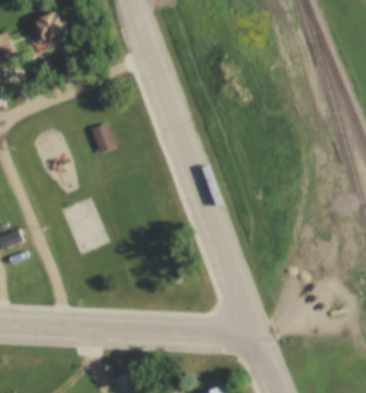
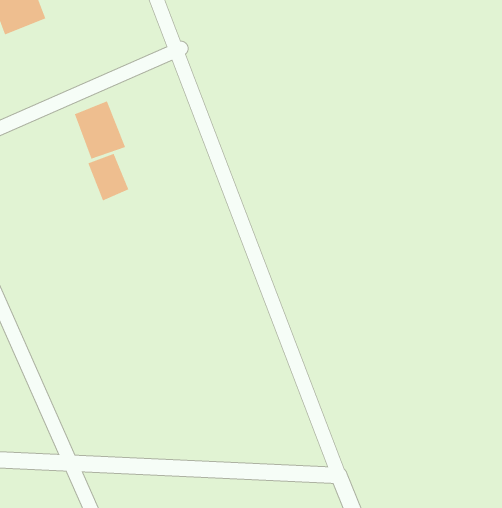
building: none -> [74,100,126,160]

